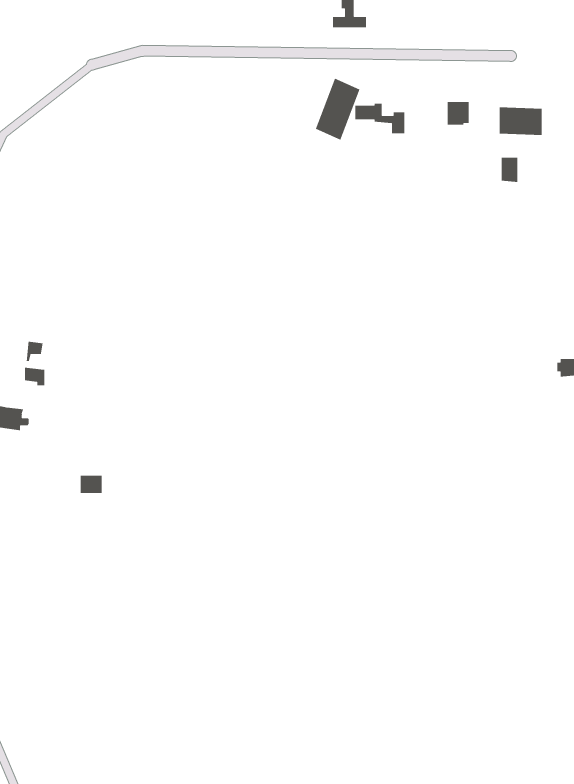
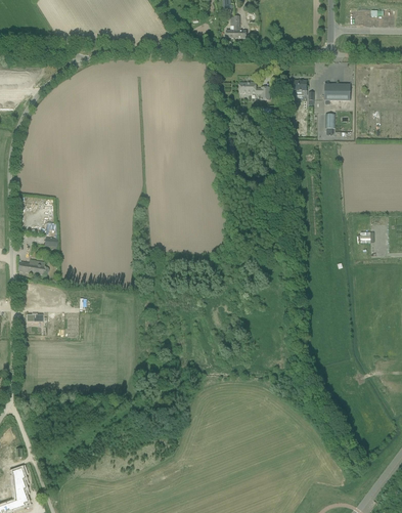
building: [315,78,361,141] -> none

